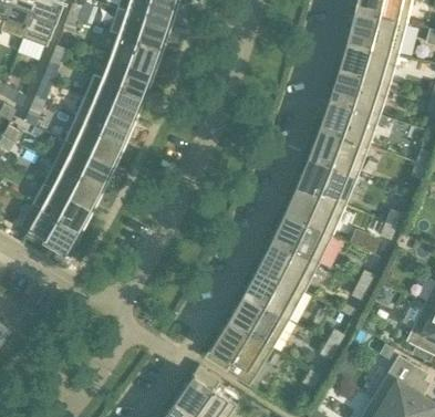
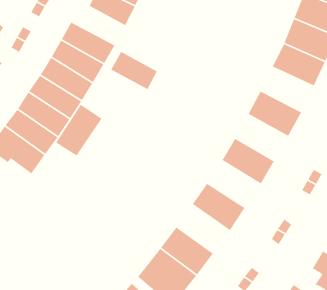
building: [93,54,156,95] -> [103,51,158,90]
building: [319,97,380,145] -> none
building: [297,155,358,205] -> none
building: none -> [55,104,103,157]
building: [271,211,333,262] -> none
building: [242,265,304,319] -> none

